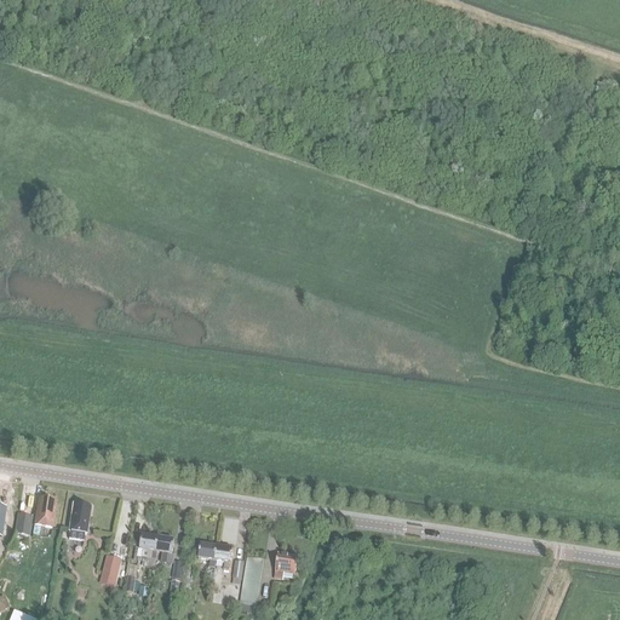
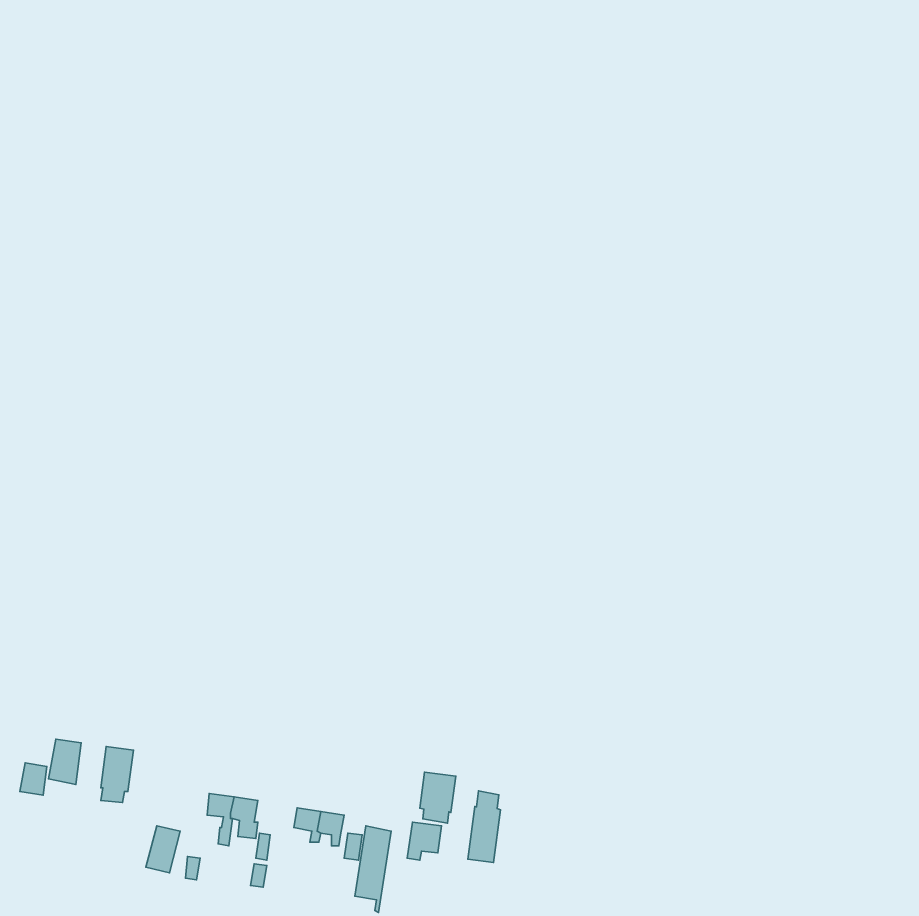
building: none -> [420,772,456,823]
building: none -> [468,791,501,863]

